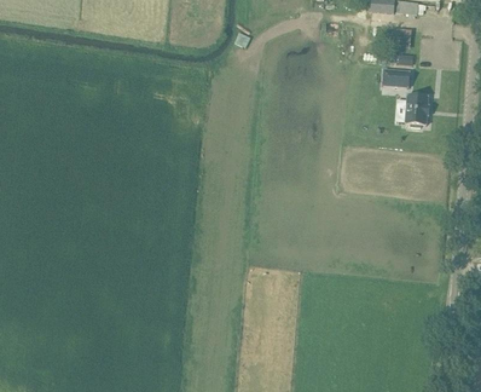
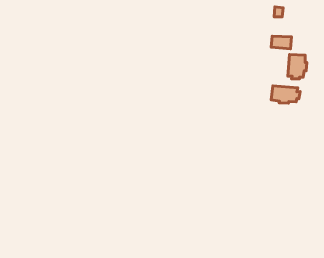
building: none -> [271,86,300,103]

